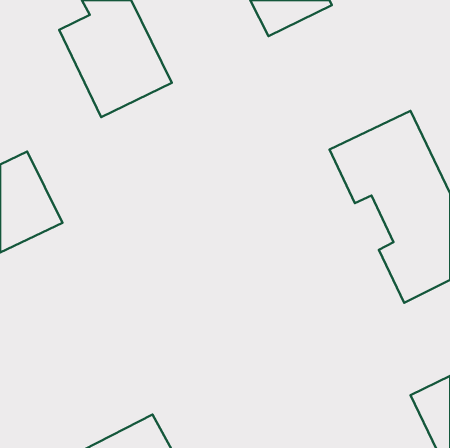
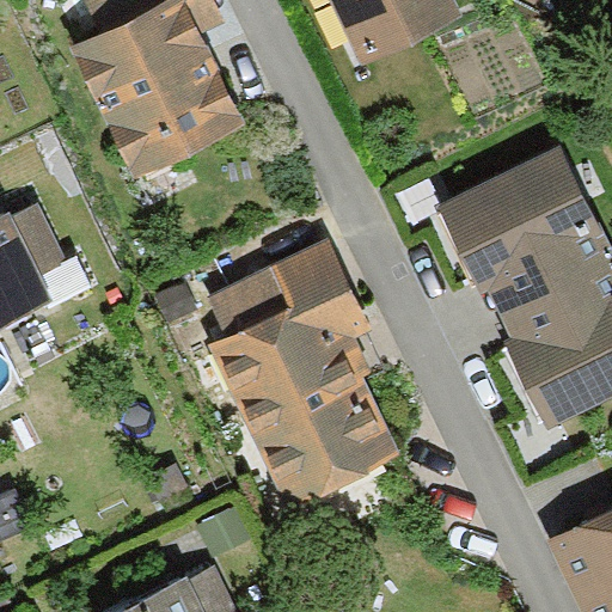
building: none -> [216,246,381,482]

